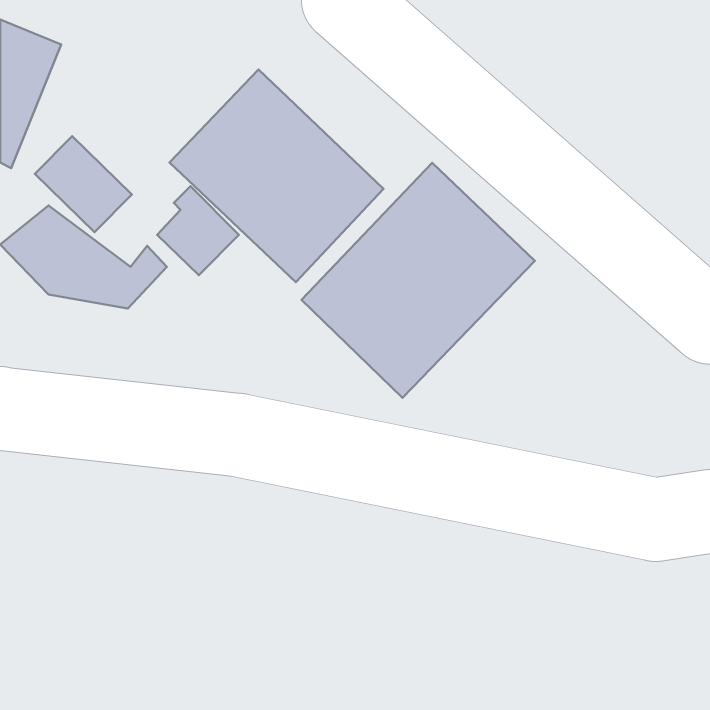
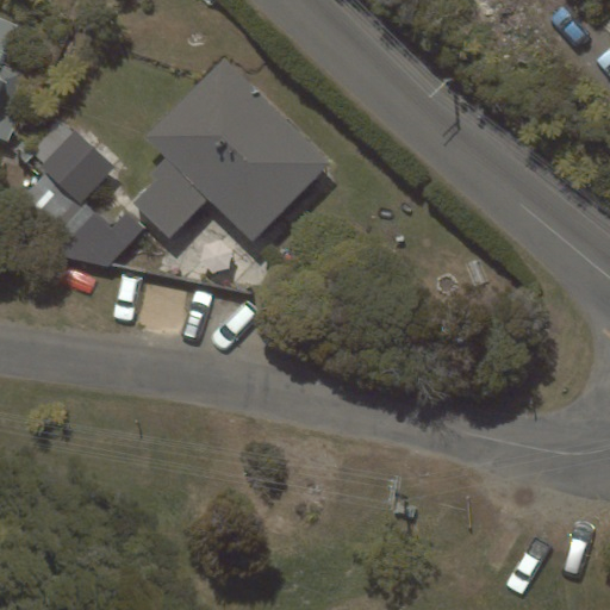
building: [301,163,535,398] -> none

